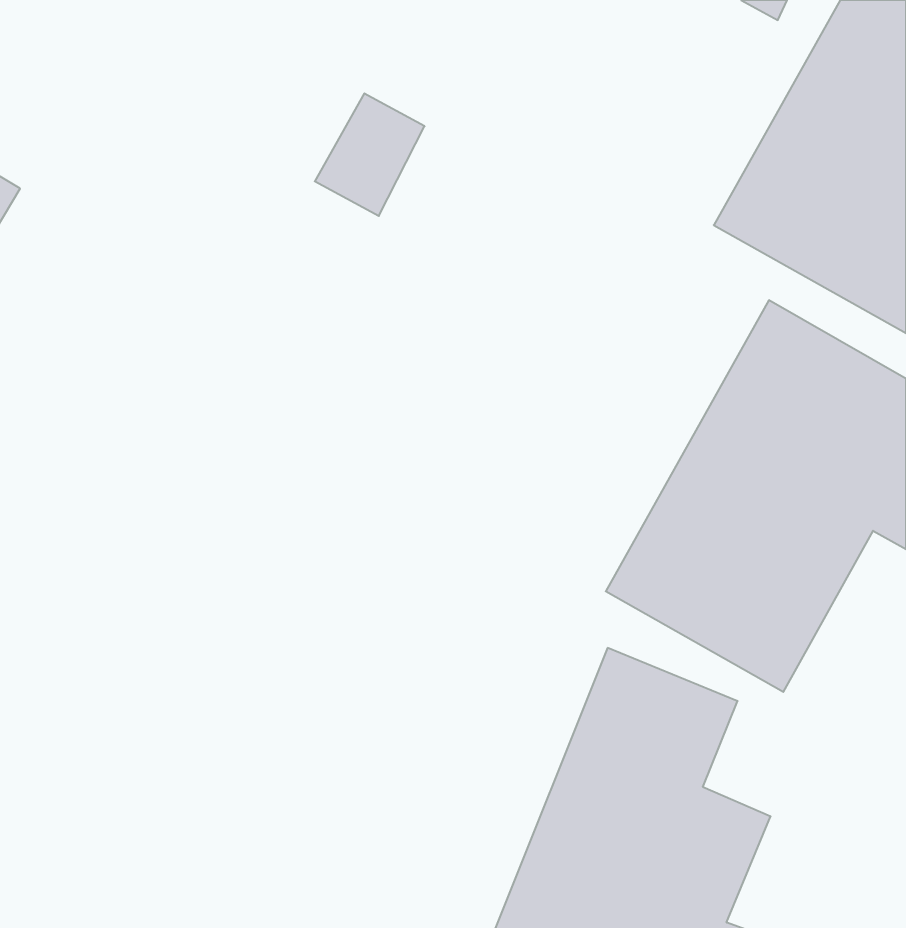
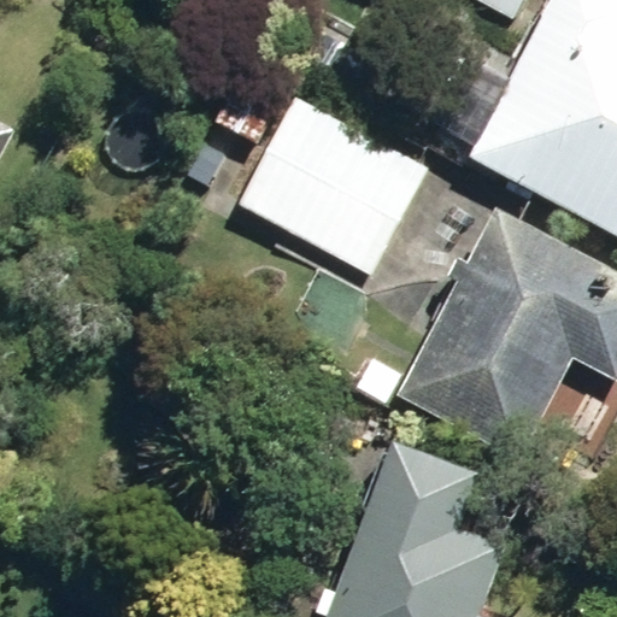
building: none -> [240,96,427,276]

